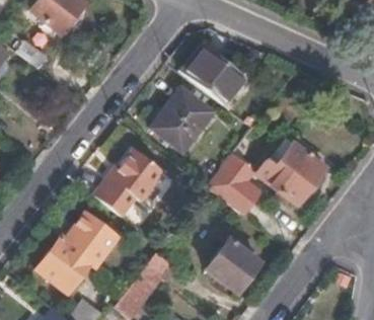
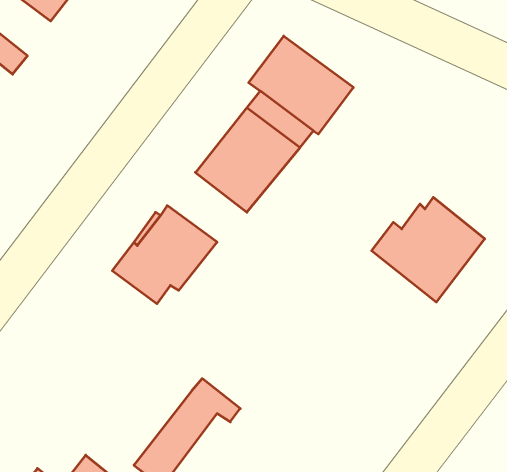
building: [205,155,258,214] -> none
building: [35,212,117,294] -> none
building: [205,241,258,294] -> none

